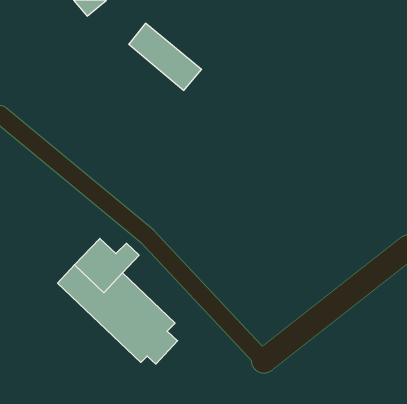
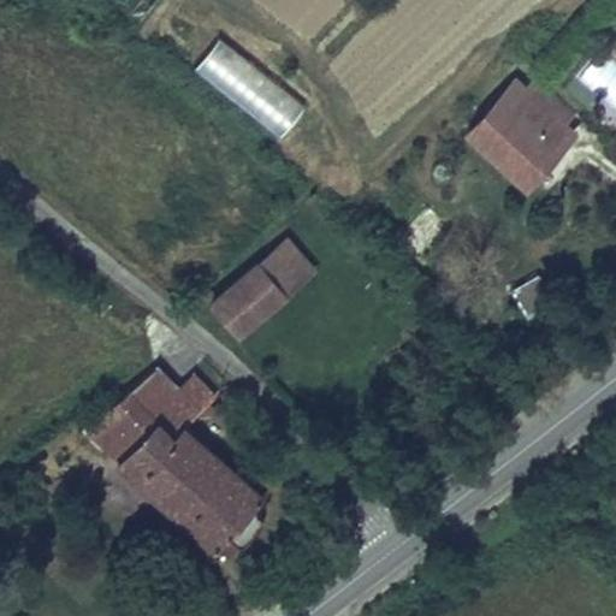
building: none -> [463,76,587,200]
building: none -> [214,238,316,334]

